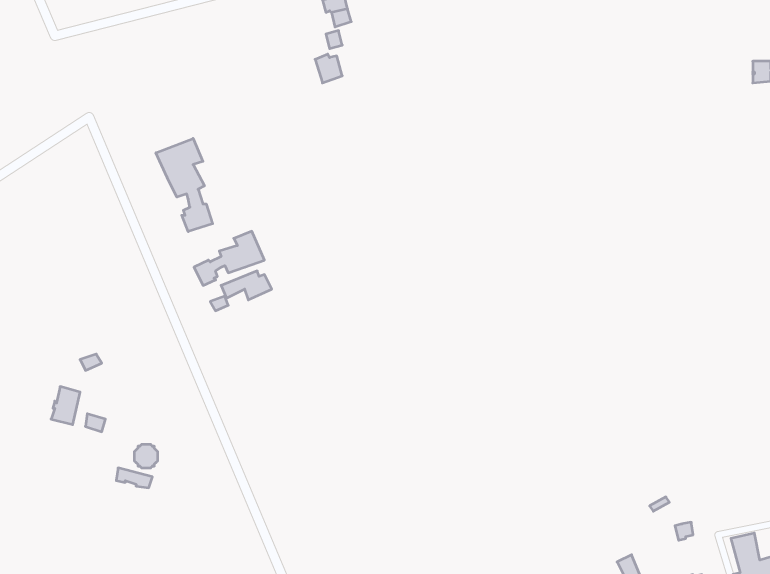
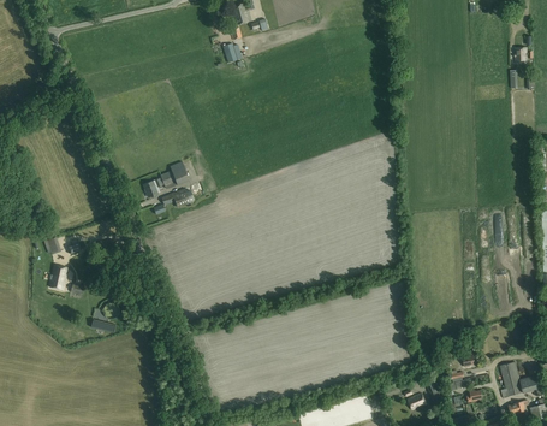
building: [156,138,213,232] -> none

